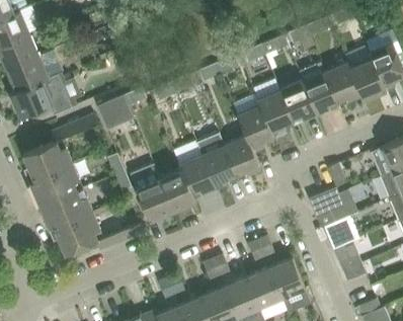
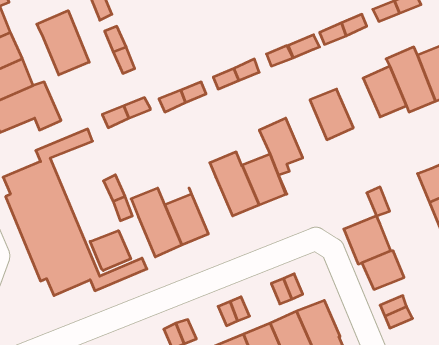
building: none -> [37,11,89,75]
building: [298,63,338,113] -> none
building: [257,90,294,139] -> none
building: [178,155,215,203] -> none
building: none -> [90,231,131,271]

